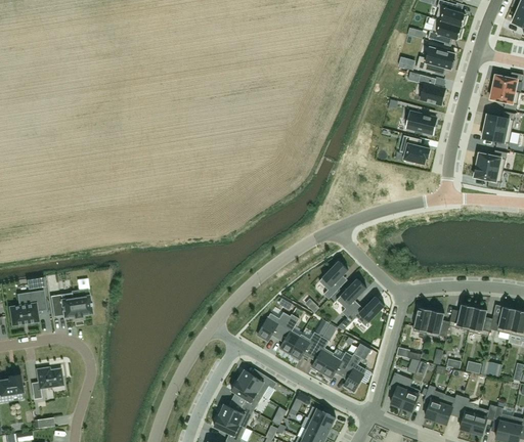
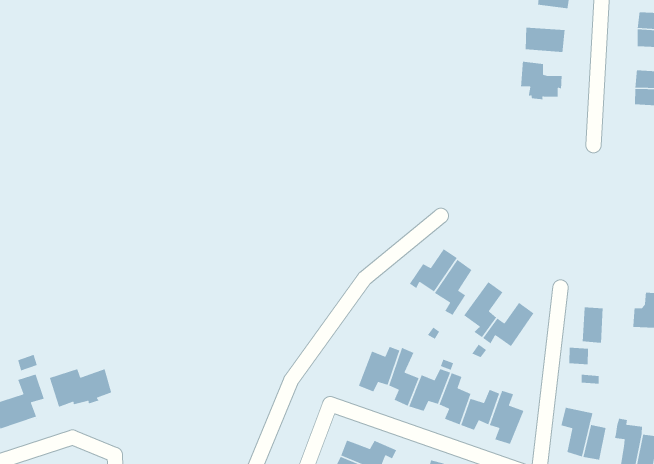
building: none -> [409,248,458,292]
building: [425,309,448,337] -> none

